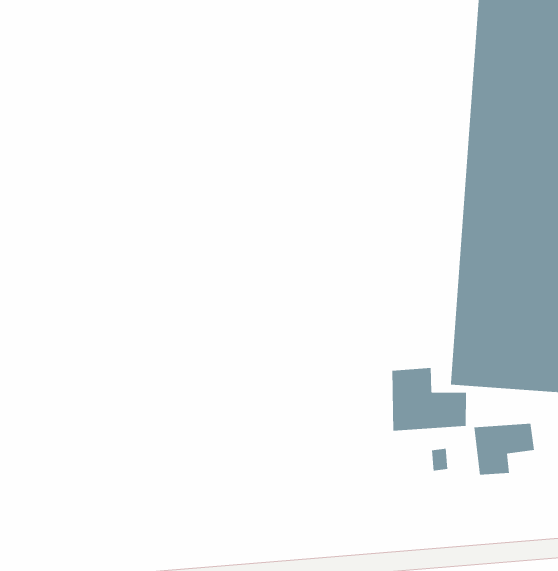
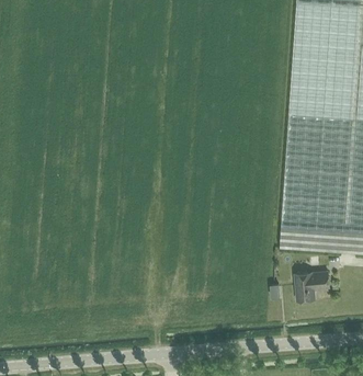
building: [392,367,467,431] -> none

